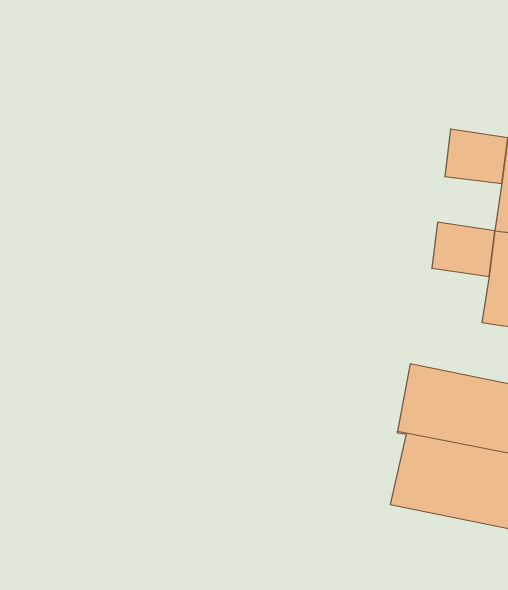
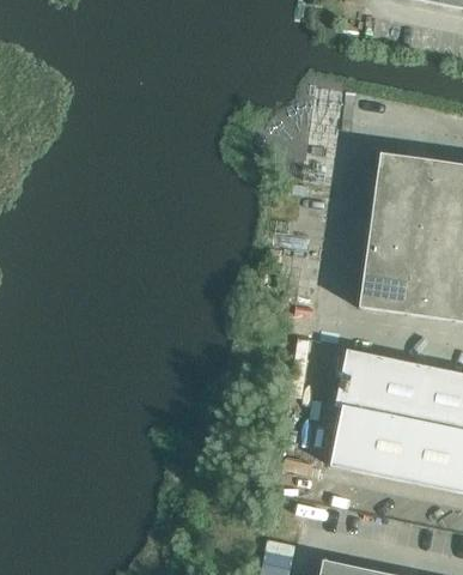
building: none -> [370,192,424,237]
building: none -> [359,268,413,314]

